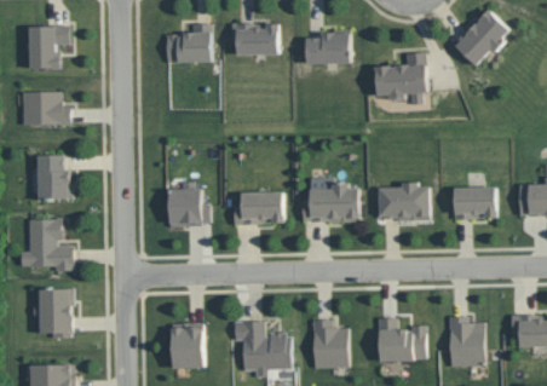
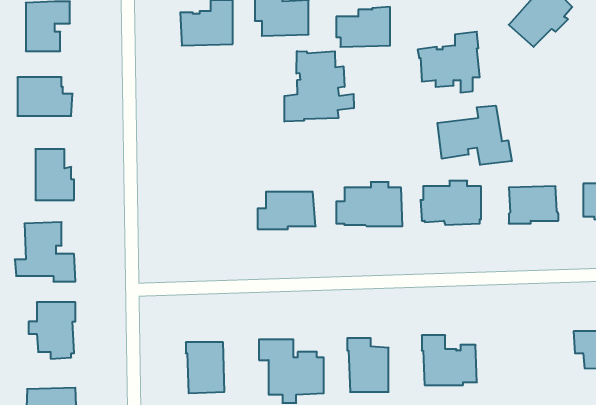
building: none -> [284,51,354,122]
building: none -> [437,106,512,165]
building: [168,183,209,226] -> none
building: [448,317,484,367] -> none

